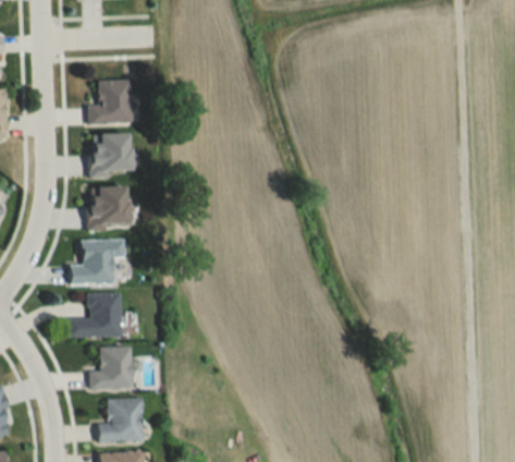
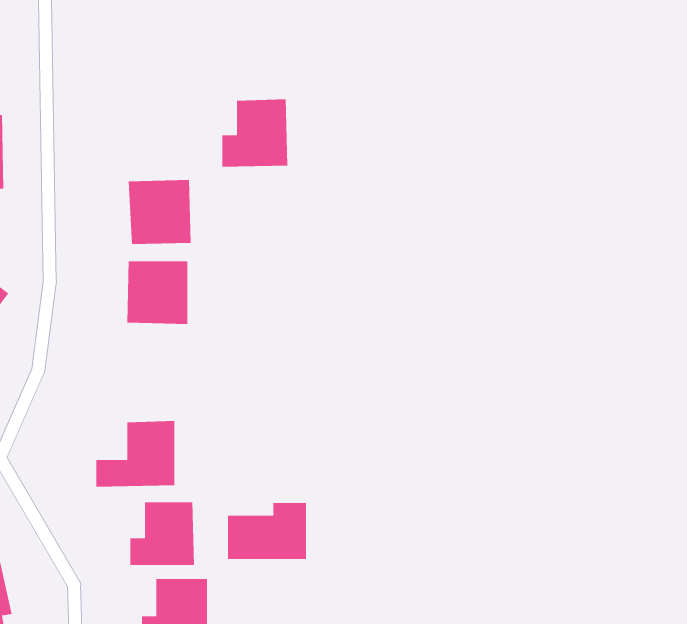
building: [87,78,132,124] -> [221,99,288,167]
building: [70,239,124,283] -> none
building: none -> [227,502,307,560]

